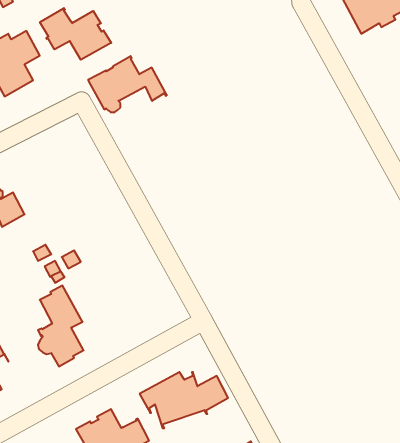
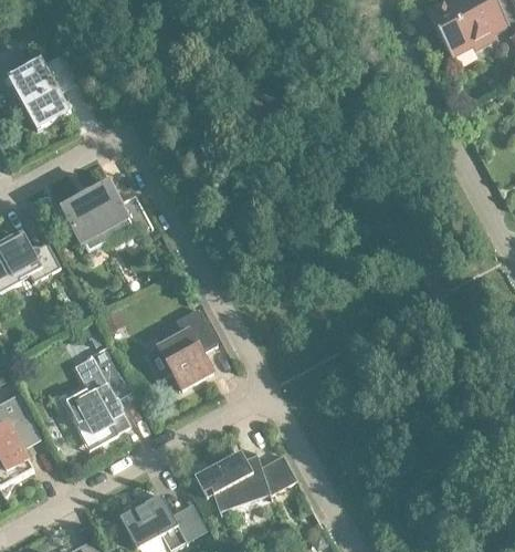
building: [40,8,111,60] -> none
building: [88,56,167,112] -> [61,180,153,246]
building: none -> [145,306,217,388]

